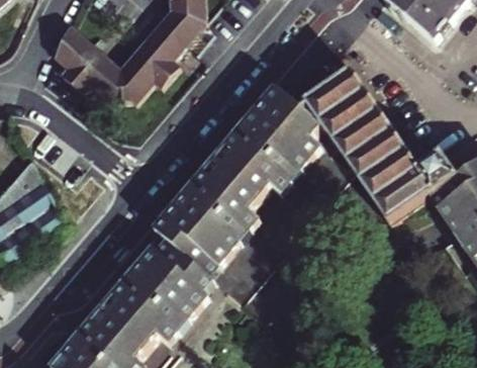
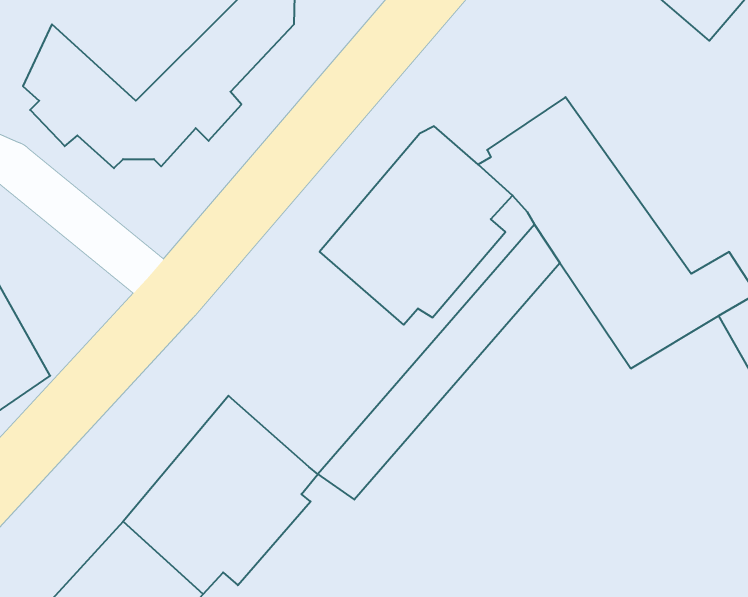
building: [154,153,262,272] -> none

